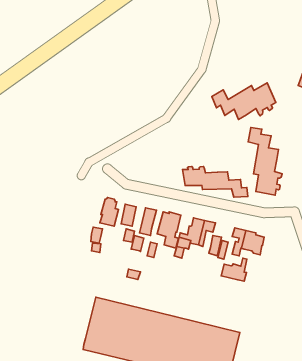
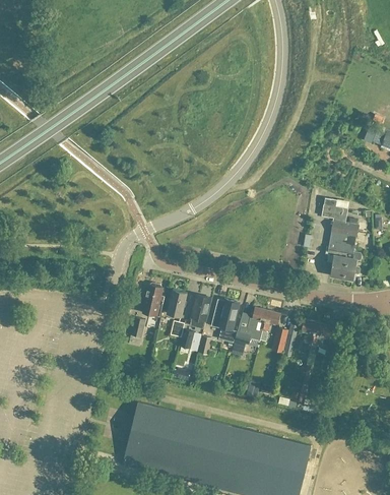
building: [212,83,276,120] -> none
building: [182,166,248,197] -> none
building: [221,258,247,281] -> none

